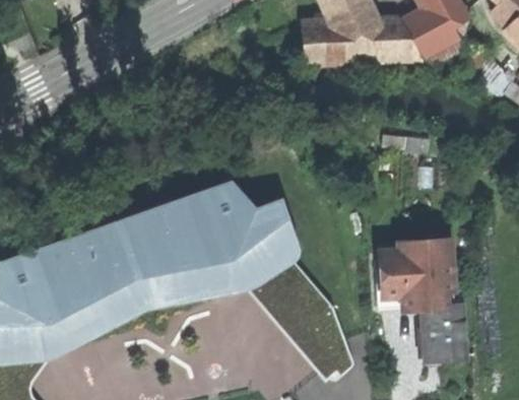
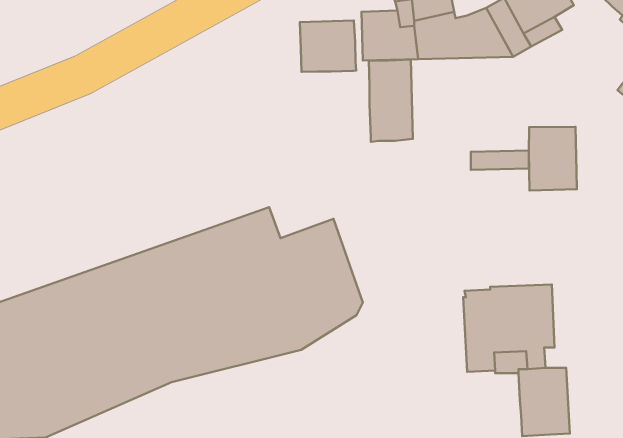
building: none -> [300,21,356,72]
building: none -> [369,59,413,142]
building: none -> [529,127,577,190]

